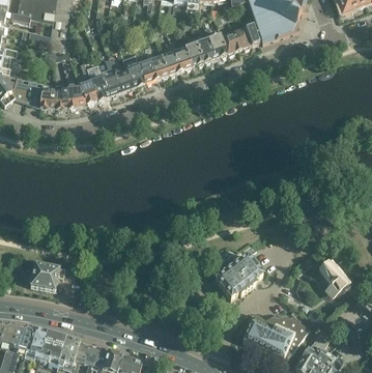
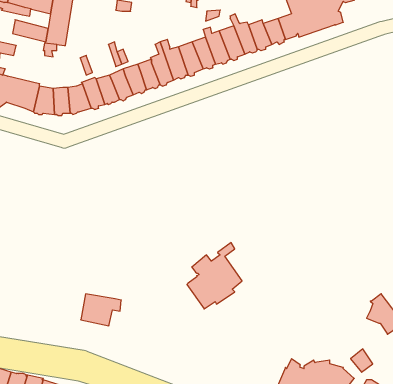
building: [214,243,261,299] -> [187,243,242,309]
building: [30,264,64,291] -> [81,294,121,326]

